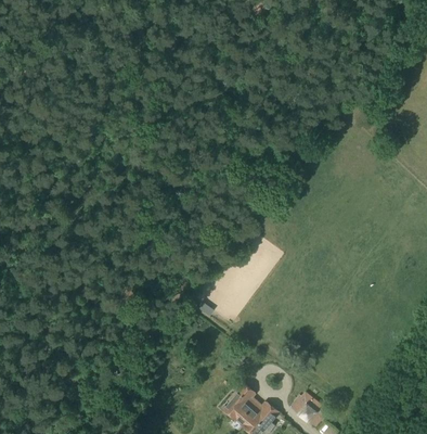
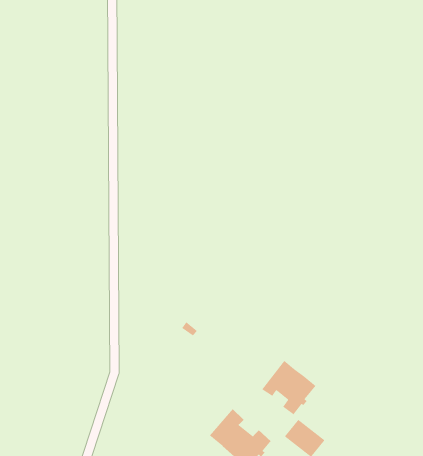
building: none -> [261,360,317,415]

